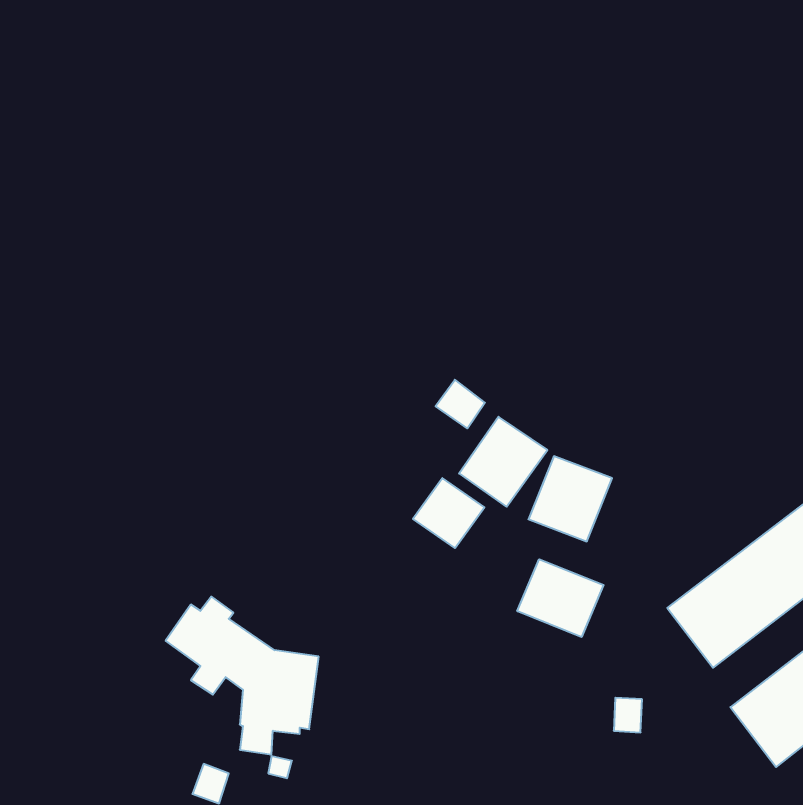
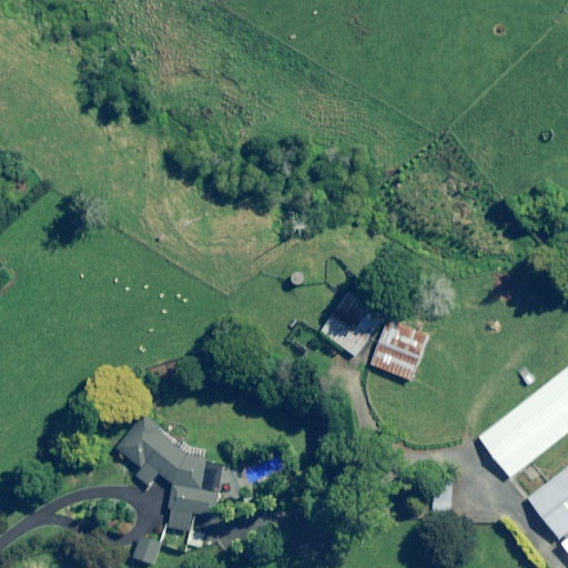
building: [436,380,485,428] -> none
building: [413,478,484,548] -> none
building: [517,559,604,637] -> none

